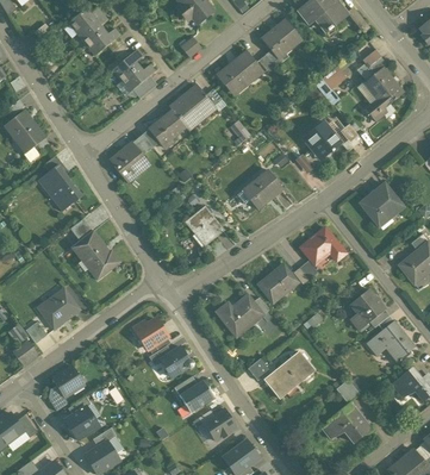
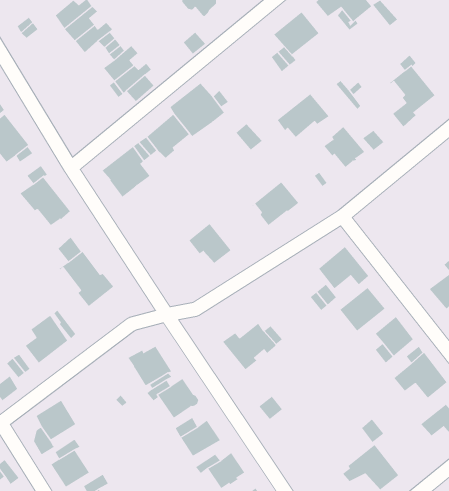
building: [216,51,262,90] -> [277,93,329,138]
building: [359,183,403,223] -> none
building: [256,263,297,302] -> [339,287,385,332]
building: [263,351,313,398] -> none

